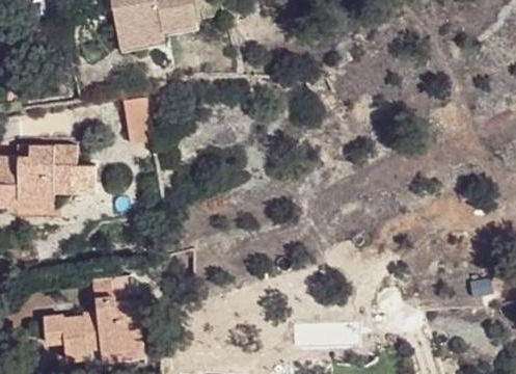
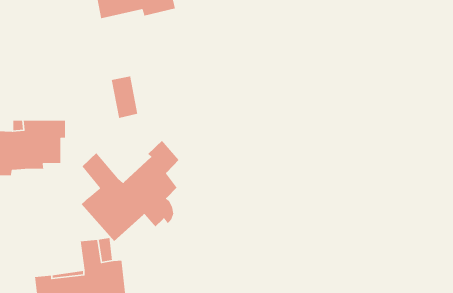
building: [114,22,199,53] -> none
building: none -> [81,140,180,242]

